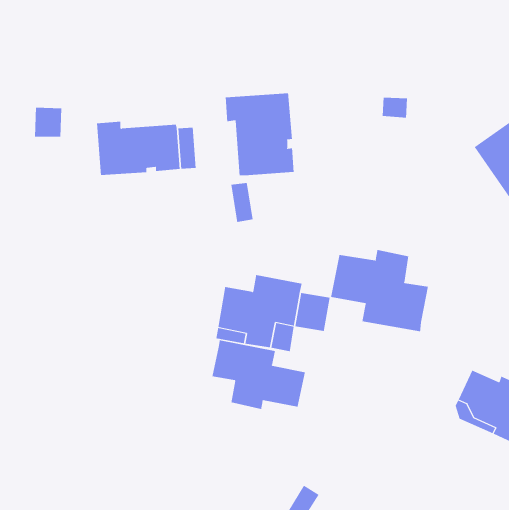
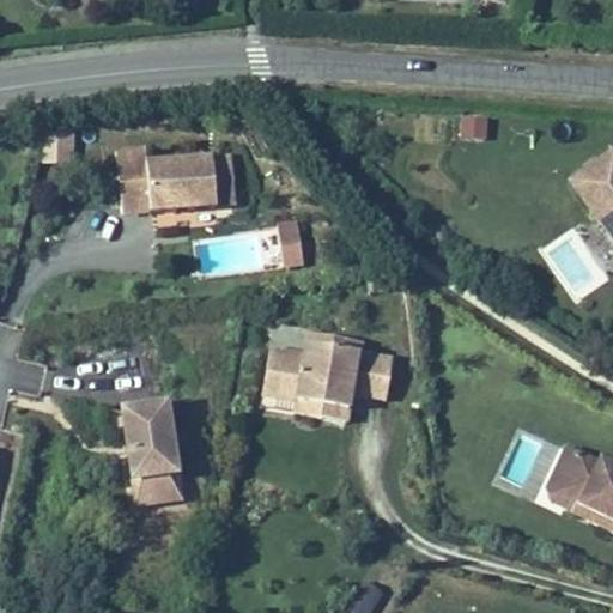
building: [225,92,294,176] -> none
building: [331,249,428,332] -> none
building: none -> [121,394,187,508]
building: [212,339,306,410] -> none

